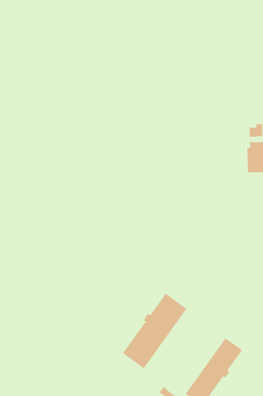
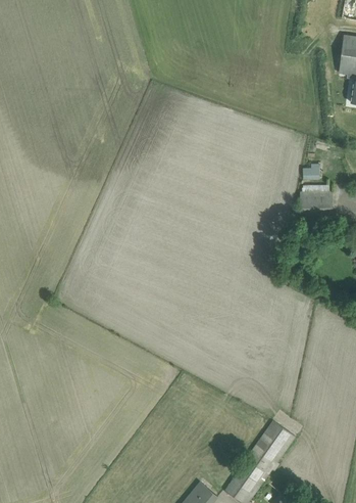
building: [122,293,187,369] -> none

